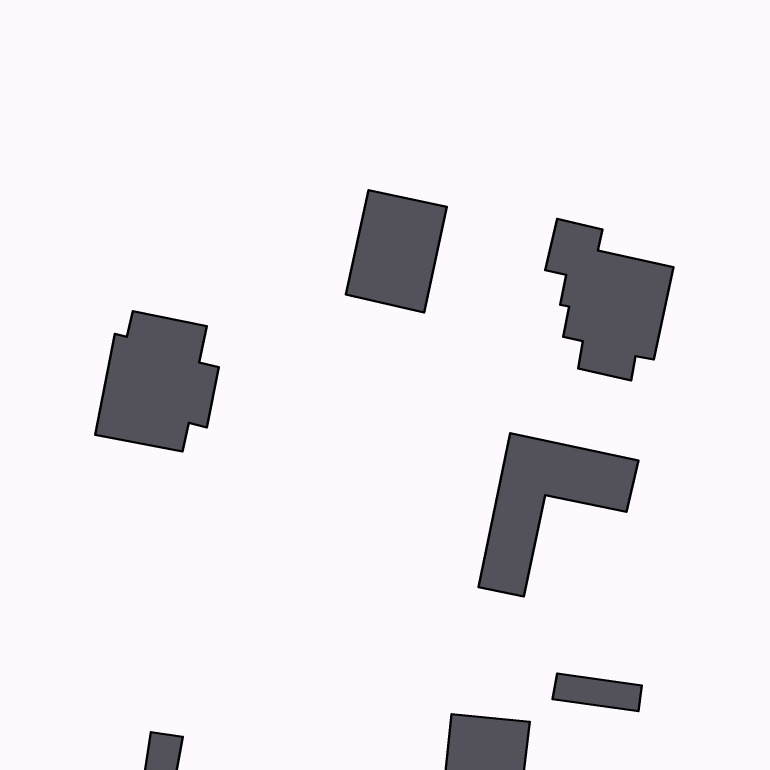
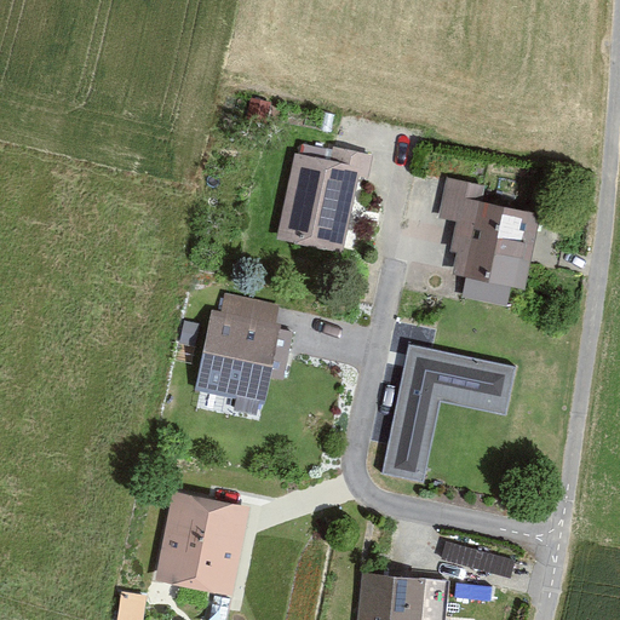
building: [95,311,219,452] -> [194,287,293,400]
building: none -> [155,492,249,596]

